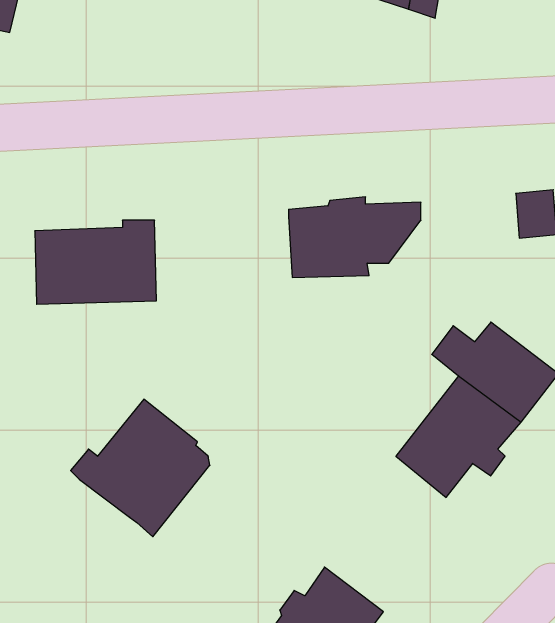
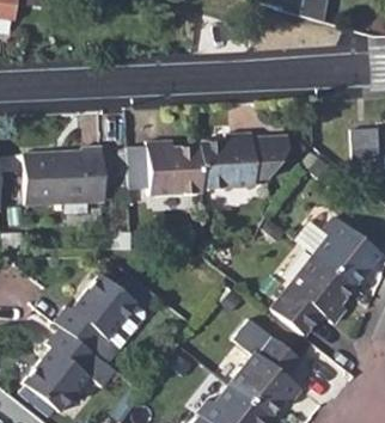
building: none -> [134,145,203,197]
building: none -> [25,323,99,407]
building: none -> [225,333,295,411]

